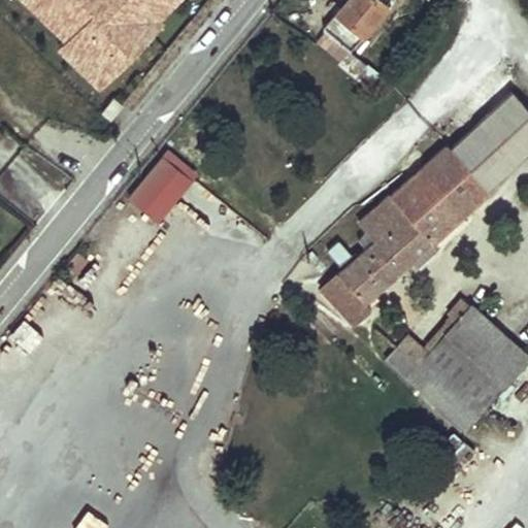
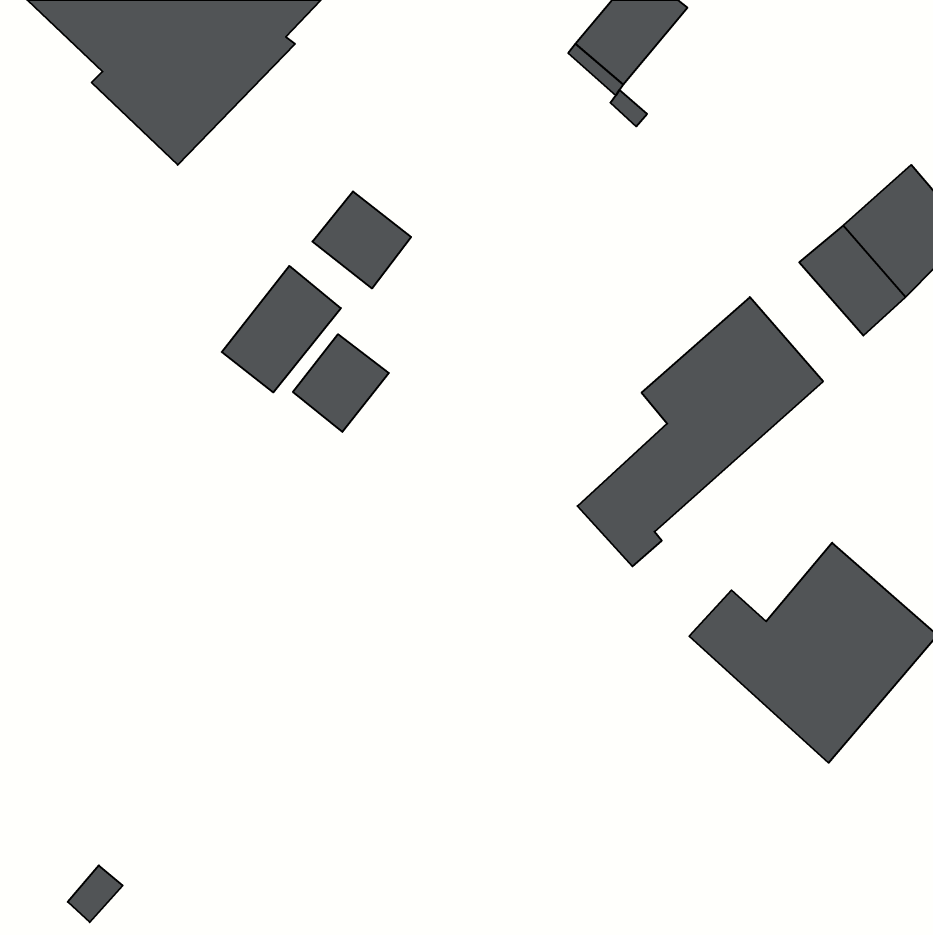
building: none -> [312,191,411,288]
building: [424,145,491,216] -> none
building: none -> [293,334,389,432]

